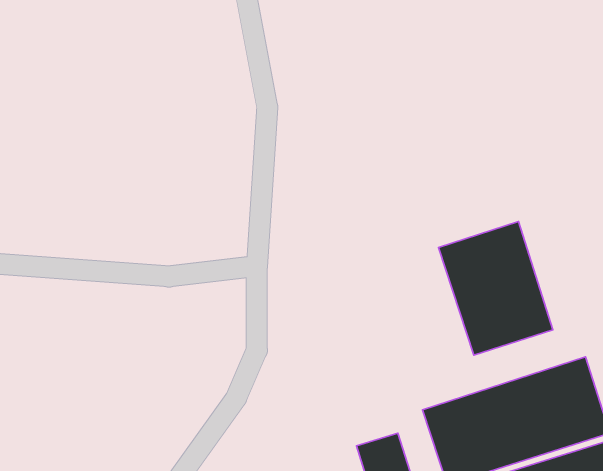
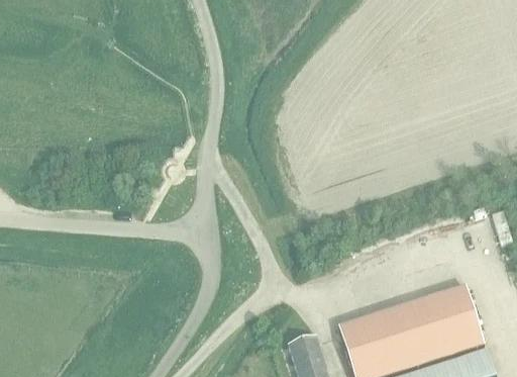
building: [438,221,553,355] -> none

